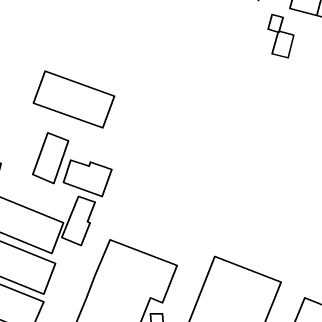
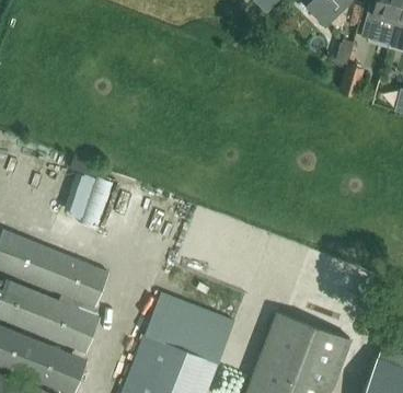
building: [33,71,115,128] -> none
building: [64,160,112,196] -> none
building: [62,196,95,246] -> none

